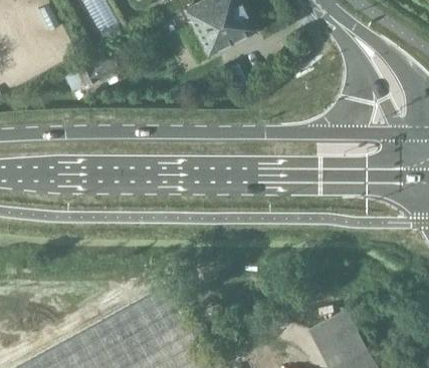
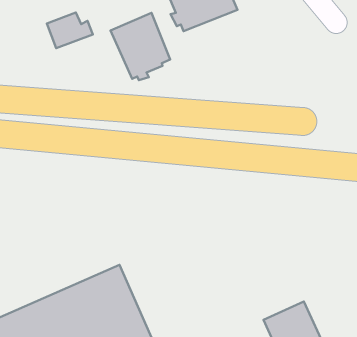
building: none -> [110,13,170,80]

